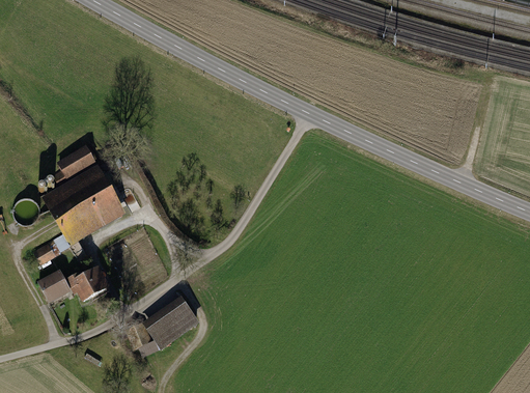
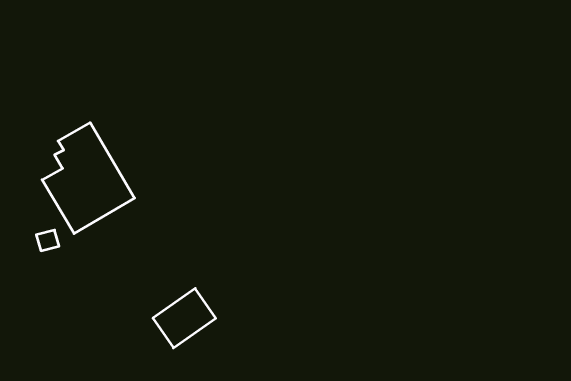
building: [37,264,111,303] -> none

